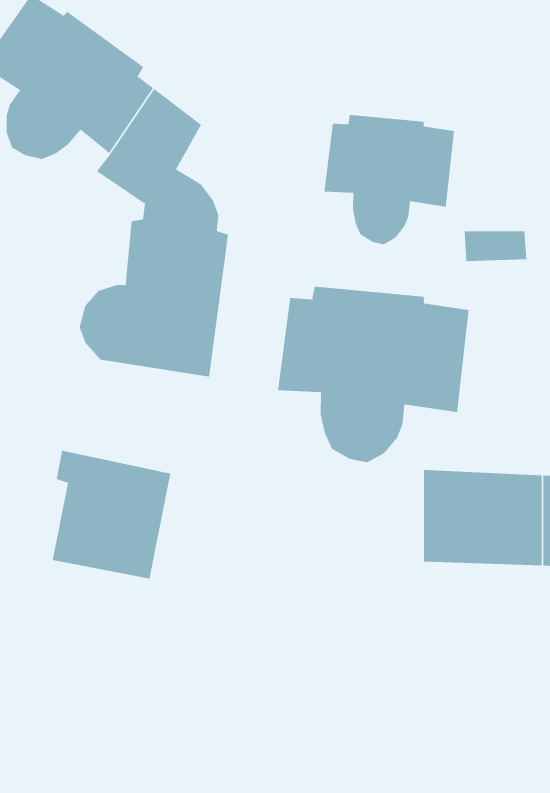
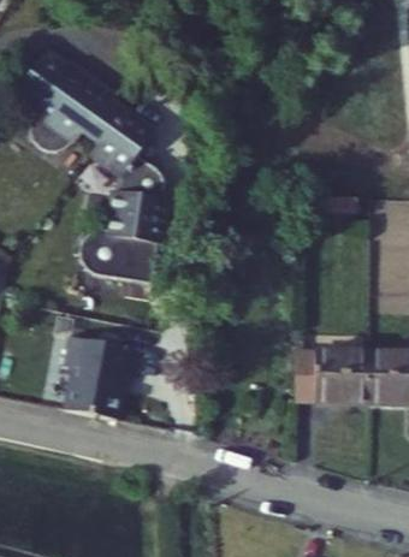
building: [324,114,455,245] -> none
building: [278,286,469,463] -> none

